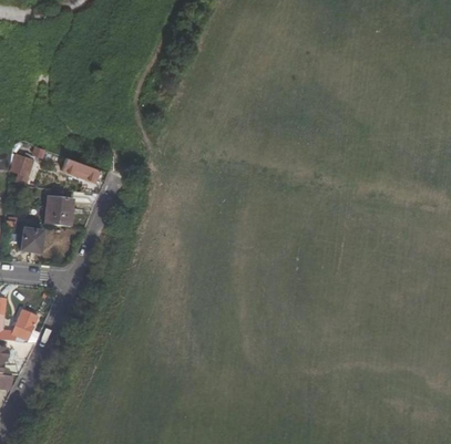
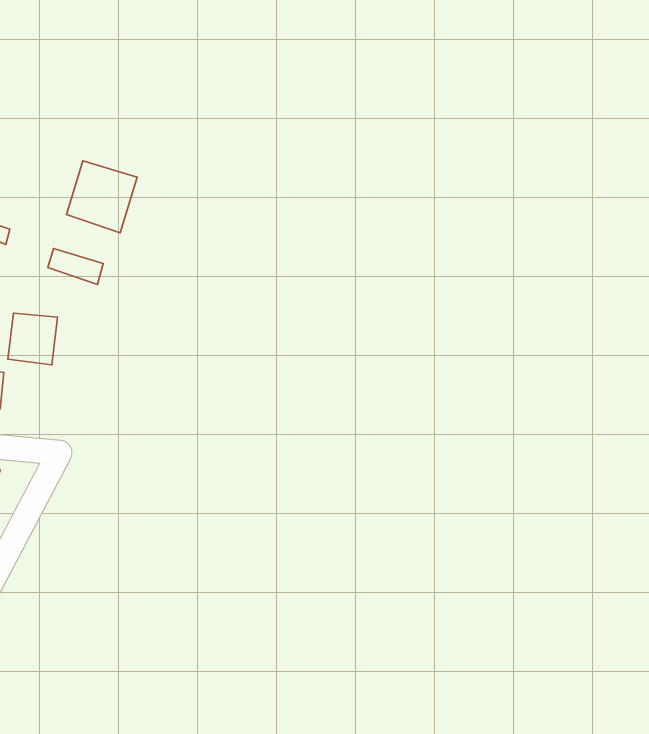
building: none -> [67,161,137,233]

